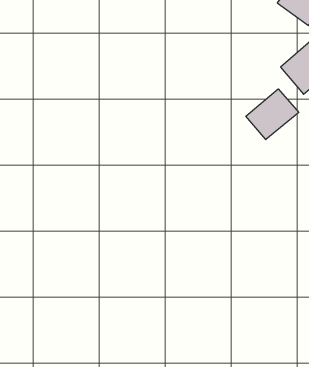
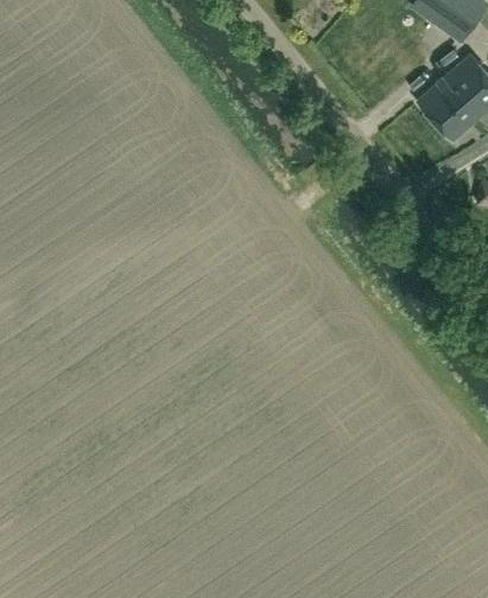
building: [246,89,299,140] -> none

